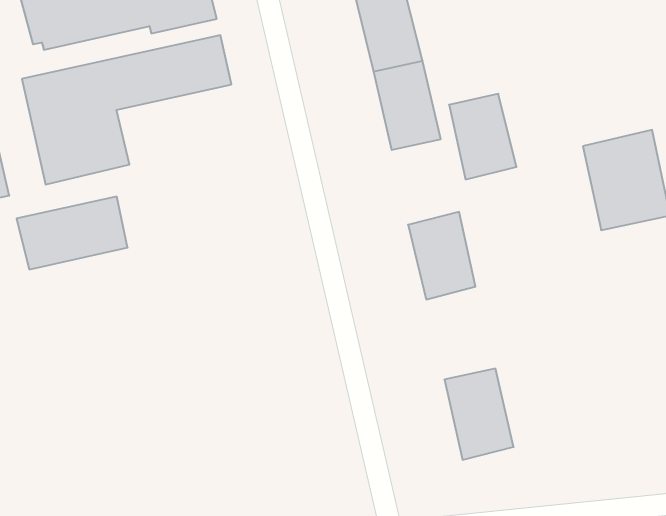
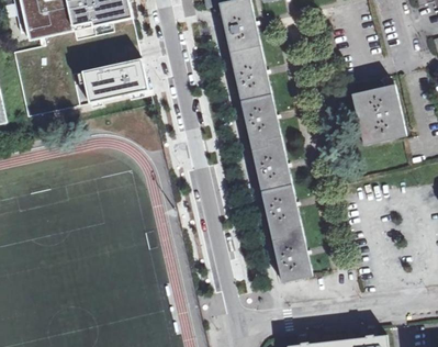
building: [449,94,517,179] -> [238,90,279,142]
building: [17,197,128,269] -> [82,59,149,103]
building: none -> [259,179,301,235]

